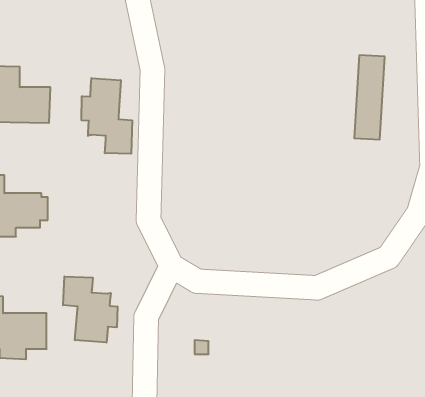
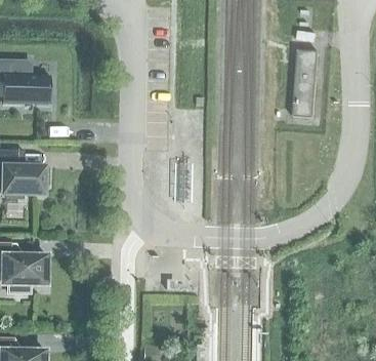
building: [82,78,132,154] -> none
building: [63,276,117,343] -> none

